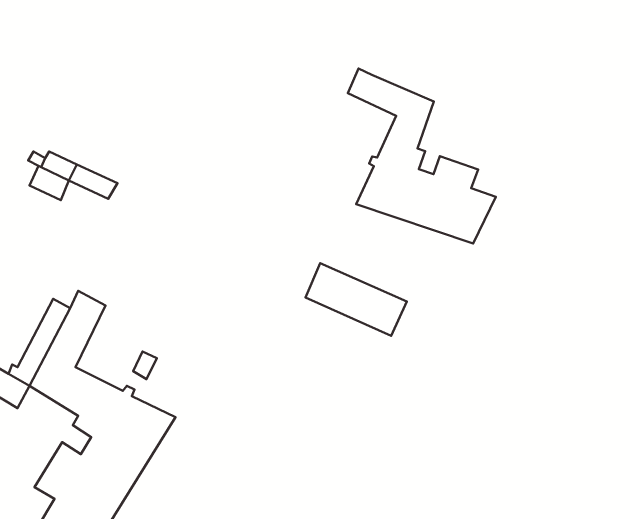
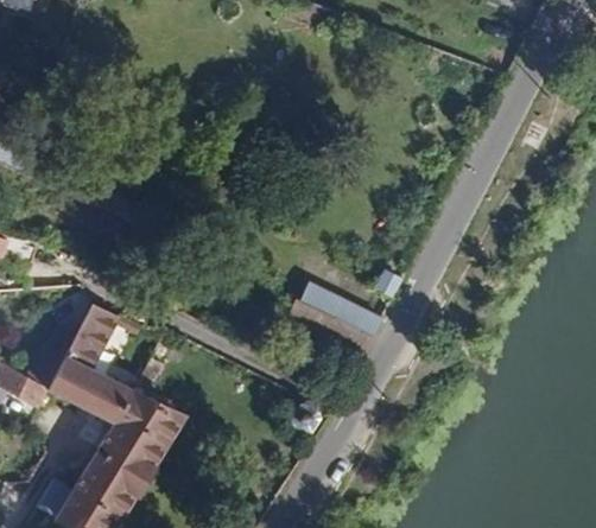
building: [348,68,496,243] -> none

